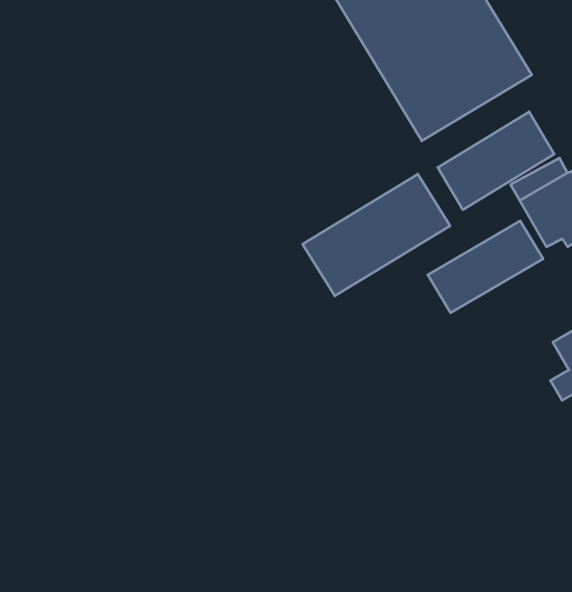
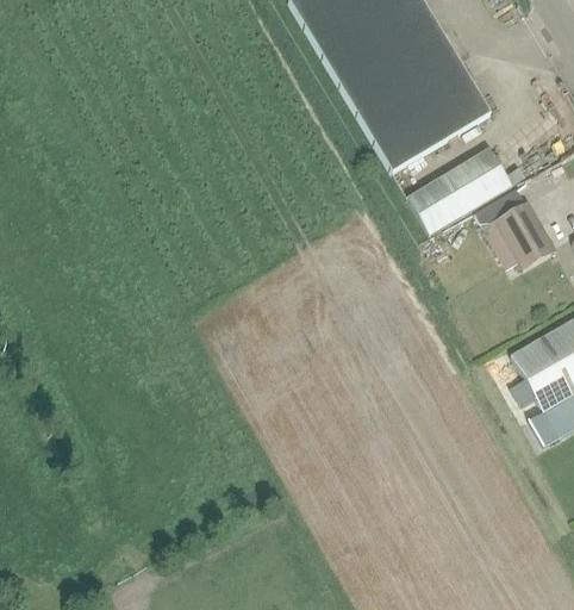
building: [303,174,450,296] -> none
building: [428,221,543,313] -> none

